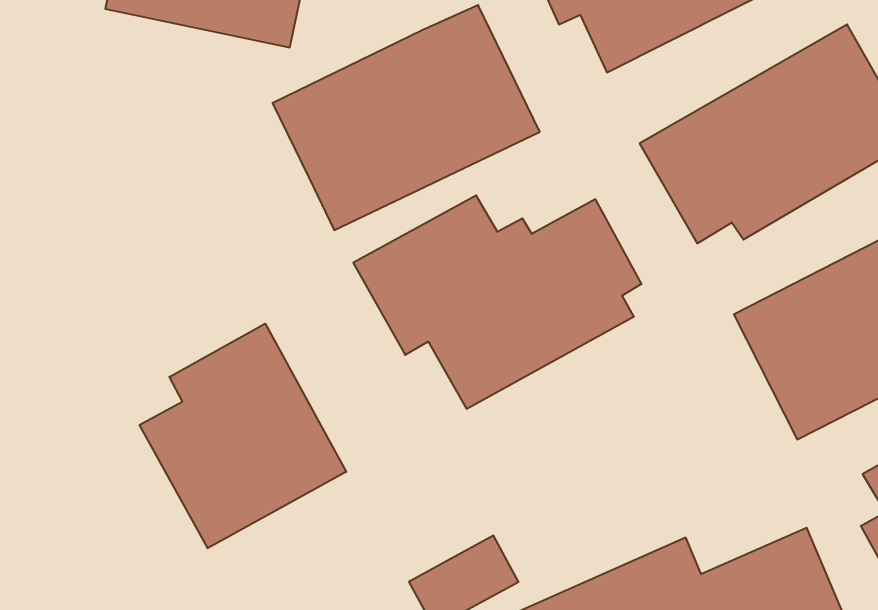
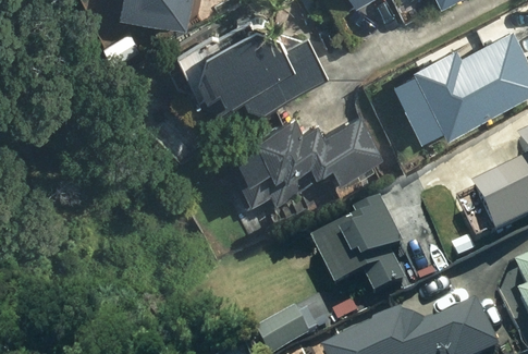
building: [140,324,346,548] -> none
building: none -> [305,203,412,309]

